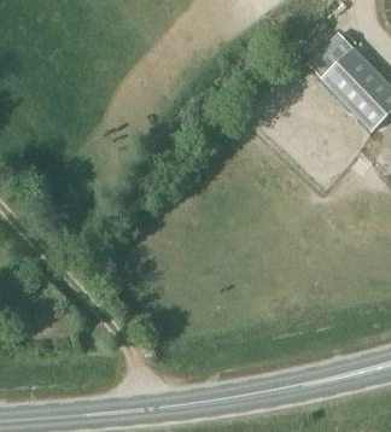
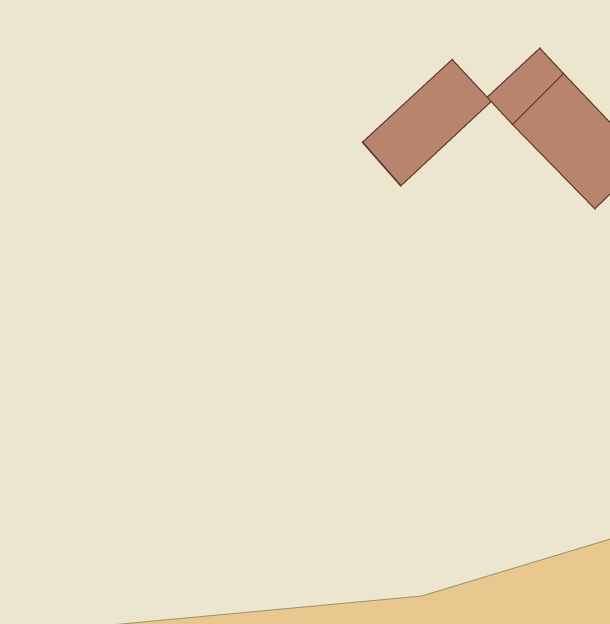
building: none -> [362,60,491,186]

